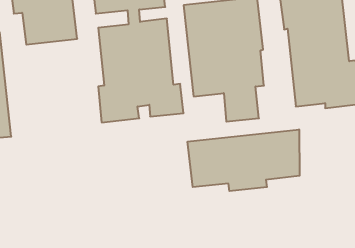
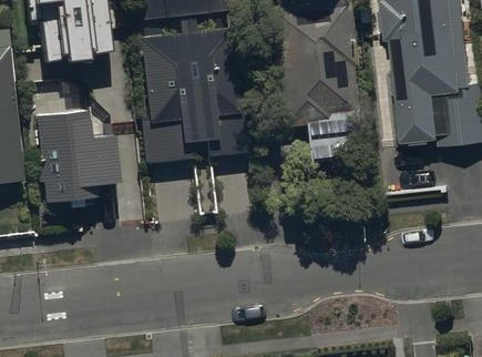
building: none -> [37,112,119,204]
building: [188,129,300,191] -> none

